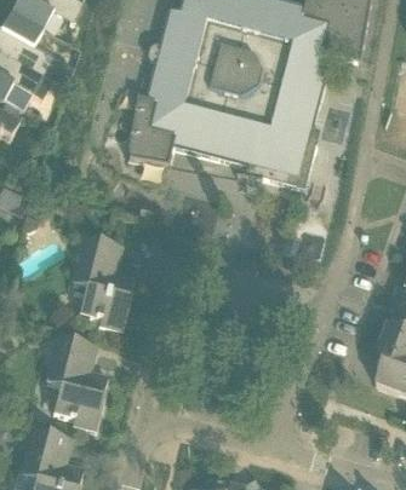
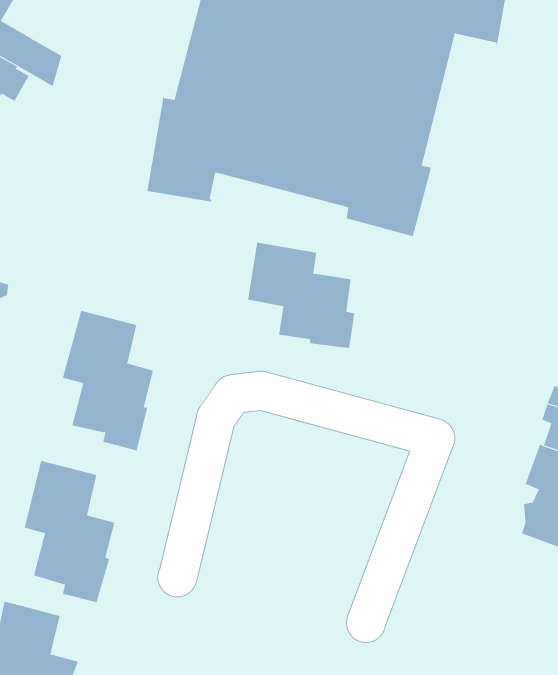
building: none -> [248,242,355,349]

